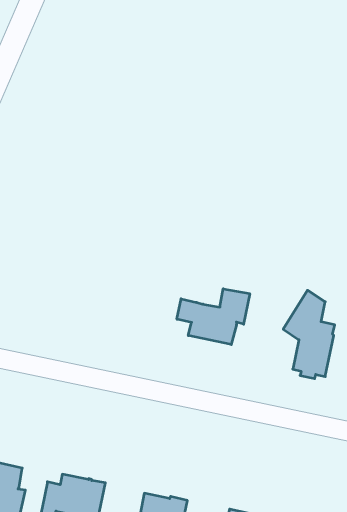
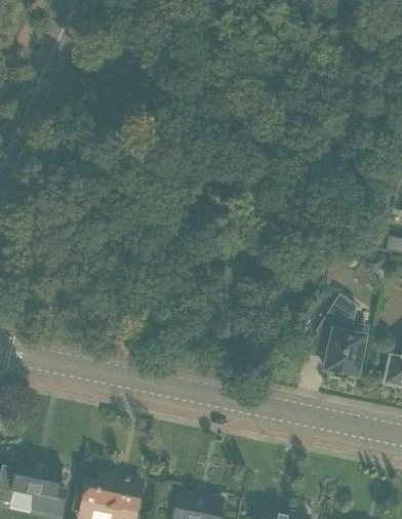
building: [177,289,250,345] -> none

